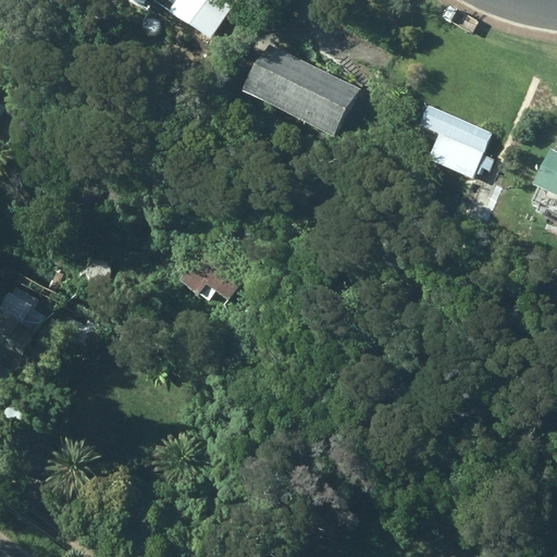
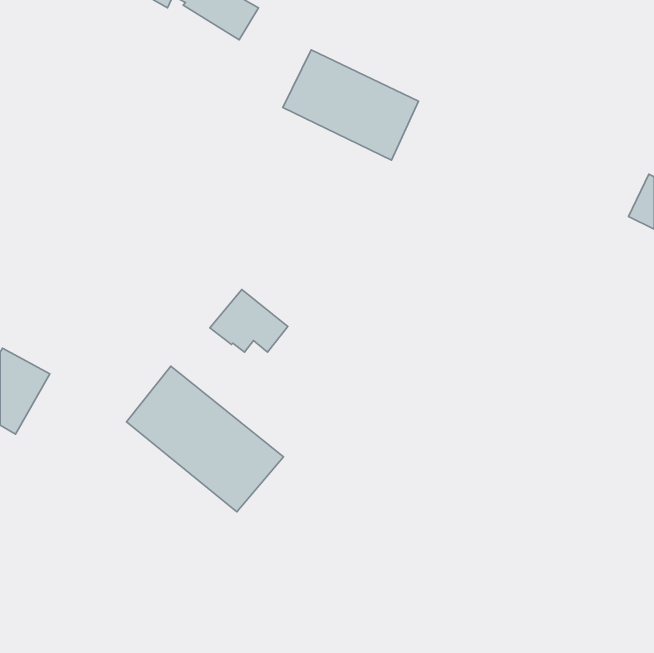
building: [418,104,494,177] -> none
building: none -> [126,366,283,512]

